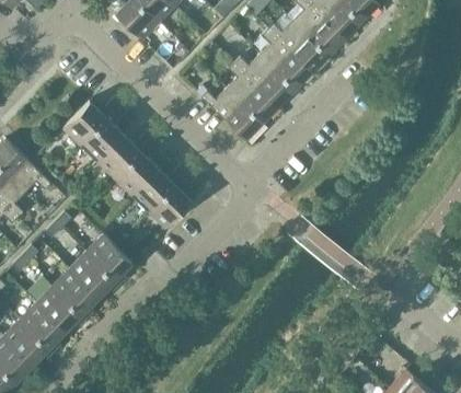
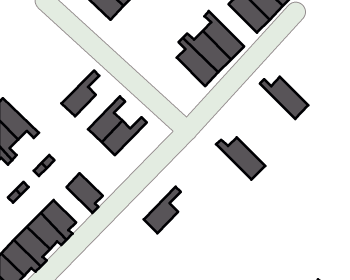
building: [267,20,329,73] -> [260,77,308,119]
building: [200,88,263,141] -> [216,137,265,180]
building: [62,97,122,146] -> none
building: [97,130,154,178] -> none
building: [148,170,195,229] -> [144,187,181,233]
building: [70,252,119,297] -> none

